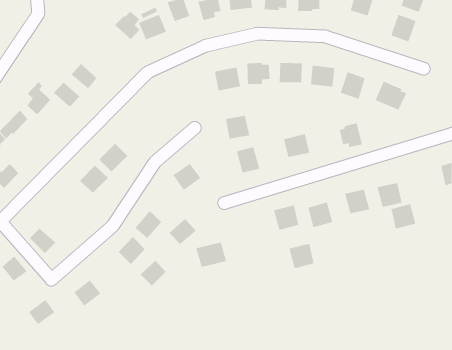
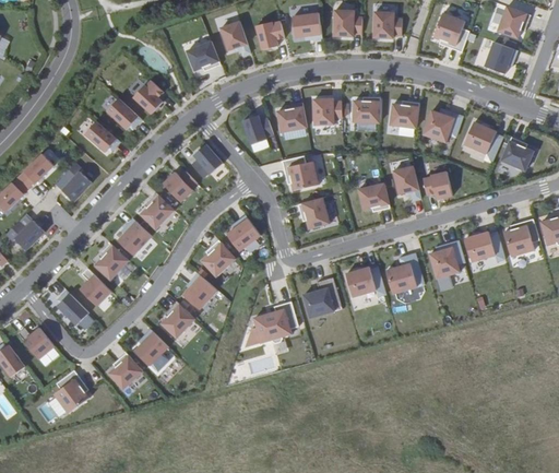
building: [114,10,140,40] -> [133,81,164,116]
building: none -> [240,114,273,145]
building: [26,81,51,116] -> [61,162,91,202]
building: none -> [501,140,535,172]
building: none -> [190,144,221,176]
building: none -> [393,165,418,193]
building: none -> [164,170,193,200]
building: none -> [95,246,127,277]
building: [390,203,416,229] -> [504,225,535,256]
building: none -> [80,274,111,306]
building: [169,218,196,245] -> [202,244,235,275]
building: [288,243,314,269] -> [304,286,334,317]
building: [140,260,167,287] -> [134,332,166,364]

